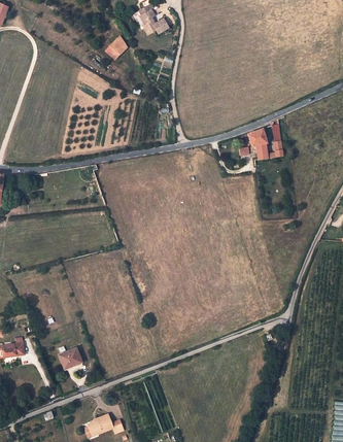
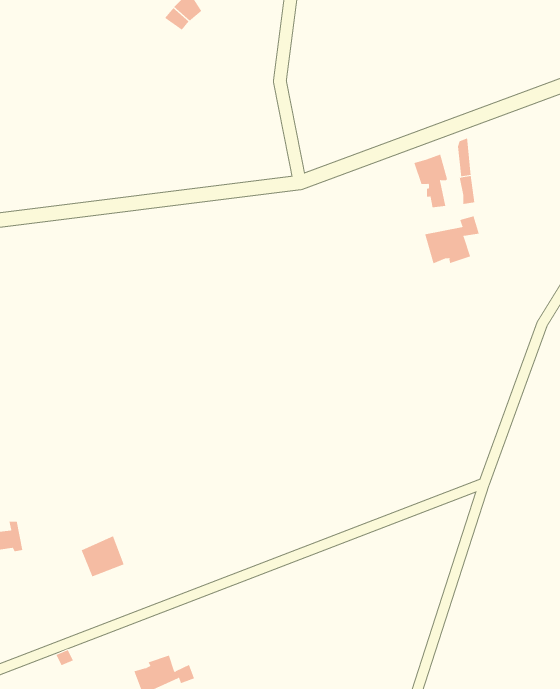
building: none -> [424,216,480,264]

